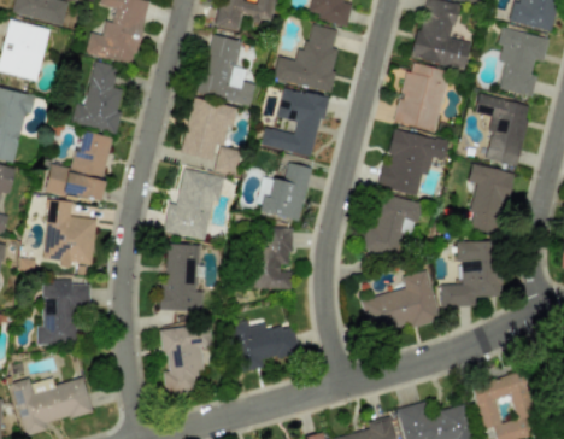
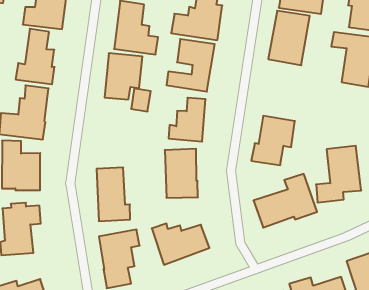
building: [380,129,448,195] -> none
building: [468,164,512,234] -> none
building: [163,169,219,240] -> none

